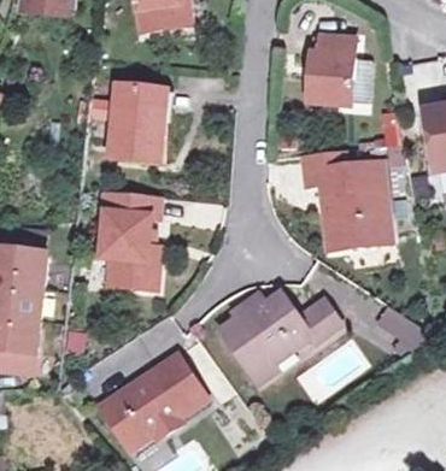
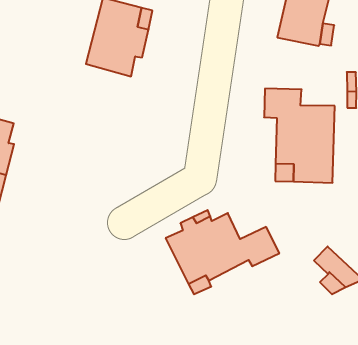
building: [99,193,158,290] -> none
building: [102,352,206,446] -> none

